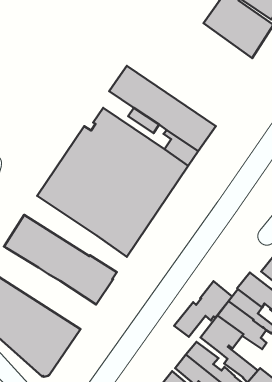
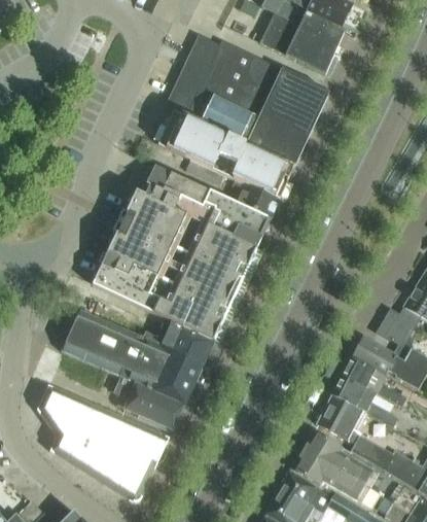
building: none -> [167,34,327,165]
building: none -> [162,321,214,362]
building: none -> [113,377,184,430]
building: [174,281,232,337] -> none

